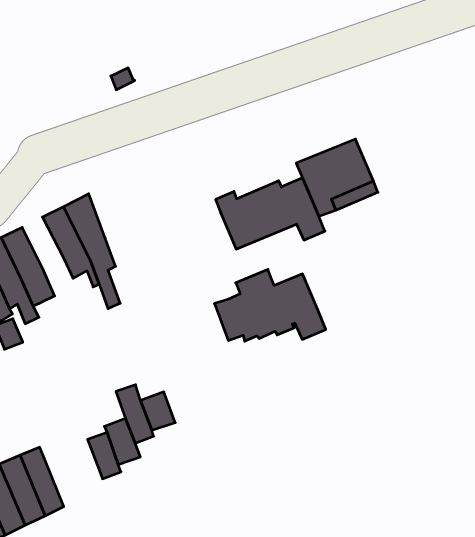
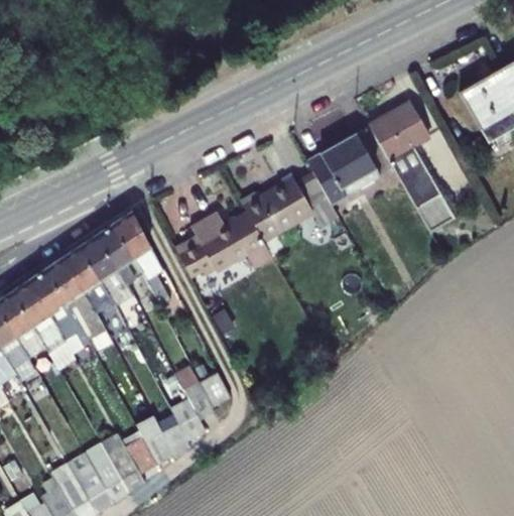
building: none -> [369,102,454,232]
building: none -> [78,235,133,305]
building: [214,269,326,341] -> [174,212,273,277]
building: none -> [136,415,174,463]

